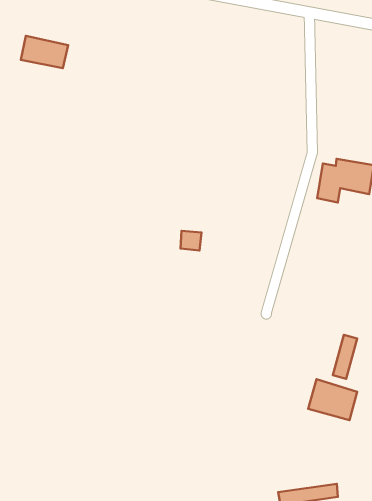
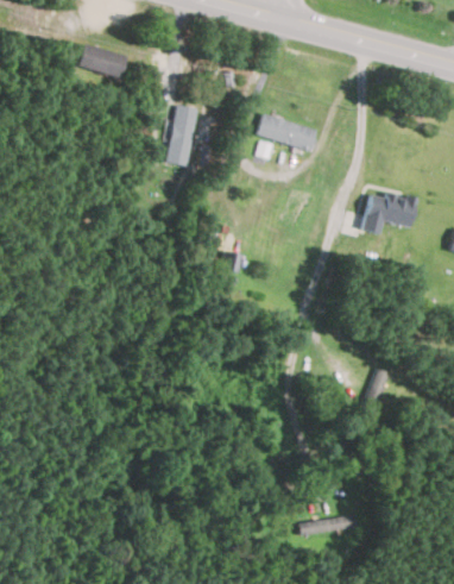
building: none -> [164,103,198,165]
building: none -> [256,112,319,150]
building: [308,379,357,420] -> none

